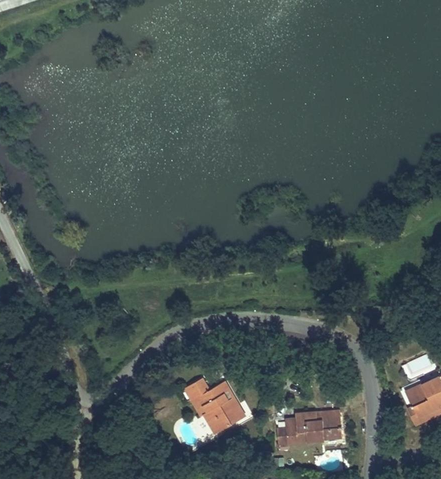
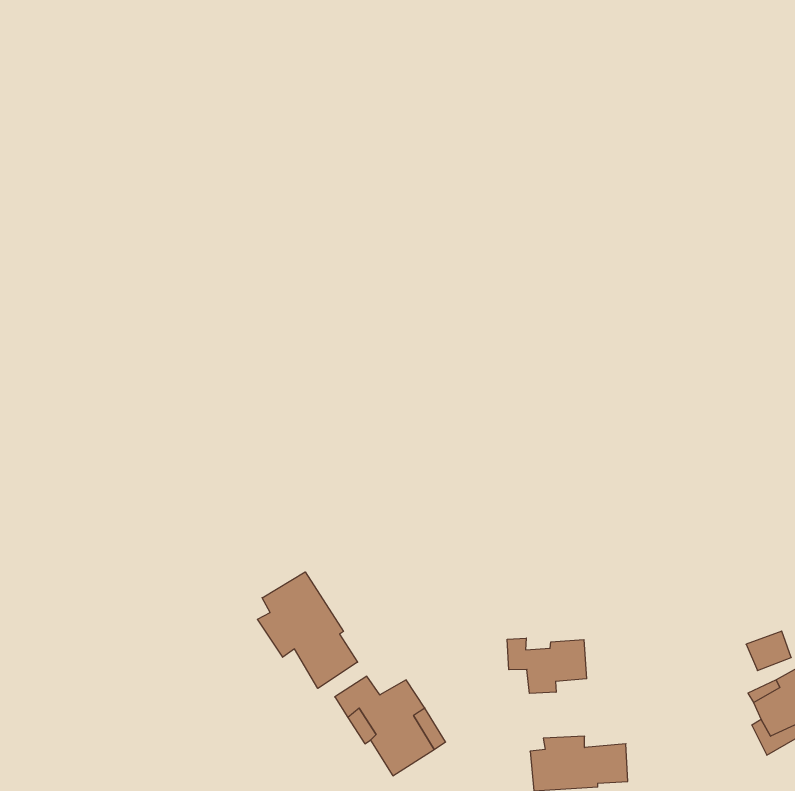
building: none -> [257,572,358,688]
building: none -> [507,638,587,693]

